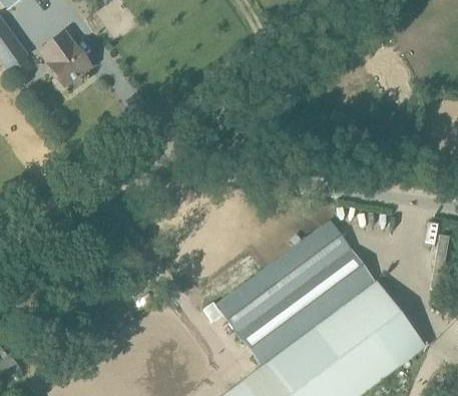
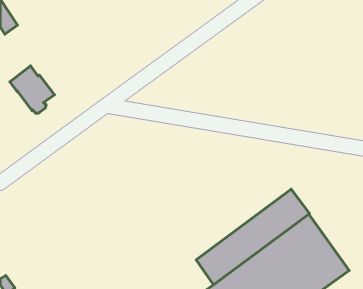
building: [38,33,92,90] -> [10,66,54,113]
building: [215,221,354,337] -> none

